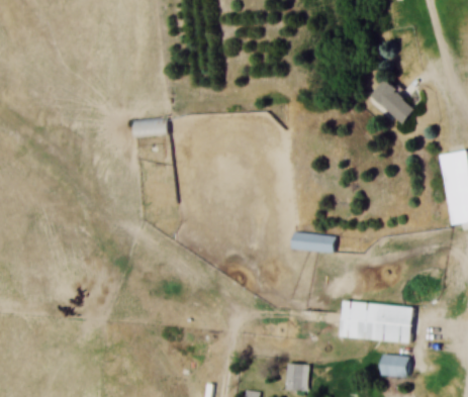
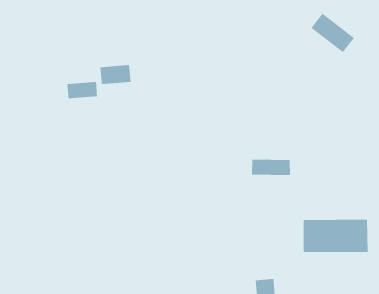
building: none -> [67,81,97,99]
building: [380,355,407,376] -> none

